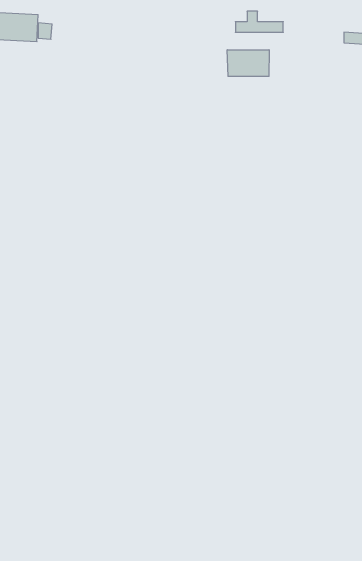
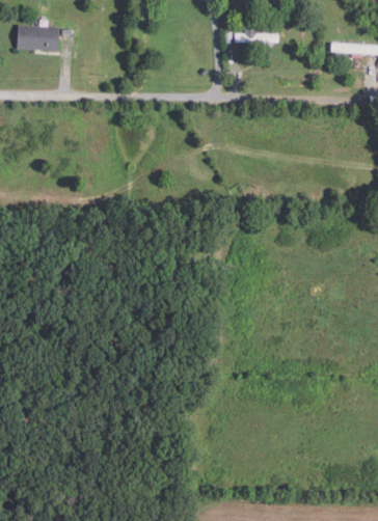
building: [227,50,269,76] -> none

